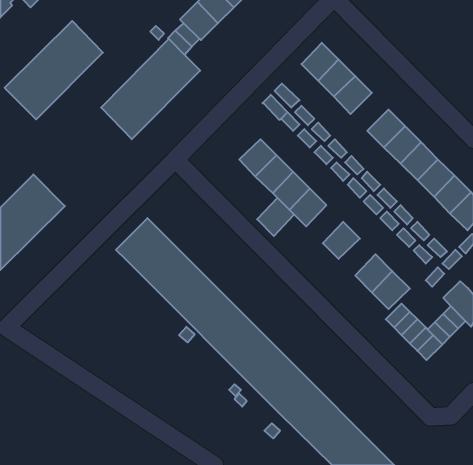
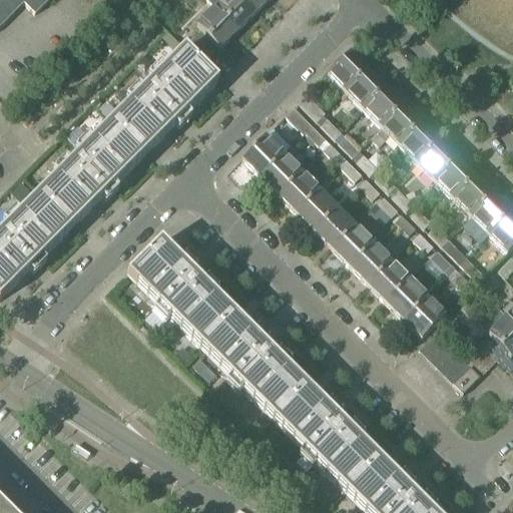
building: [5,21,103,119] -> [37,116,143,222]
building: none -> [370,100,421,142]
building: none -> [241,131,283,172]
building: [257,198,294,236] -> [332,221,372,263]
building: none -> [367,258,407,298]

